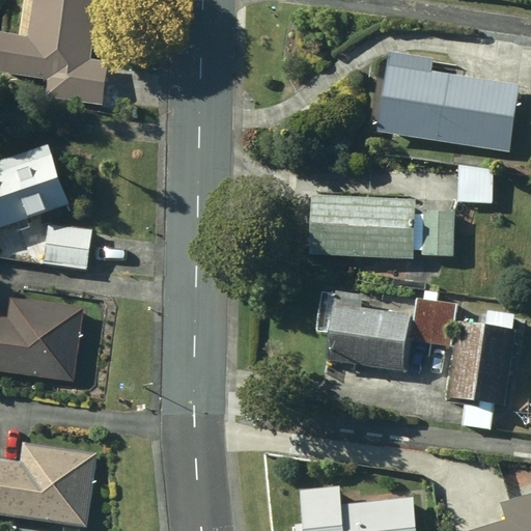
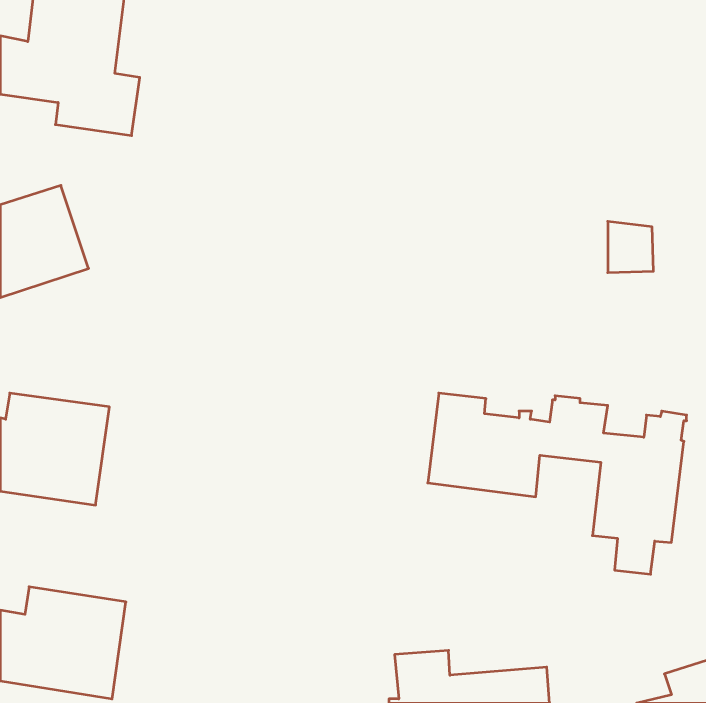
building: [373,68,516,151] -> none
building: [306,201,452,260] -> none
building: [40,219,90,266] -> none

